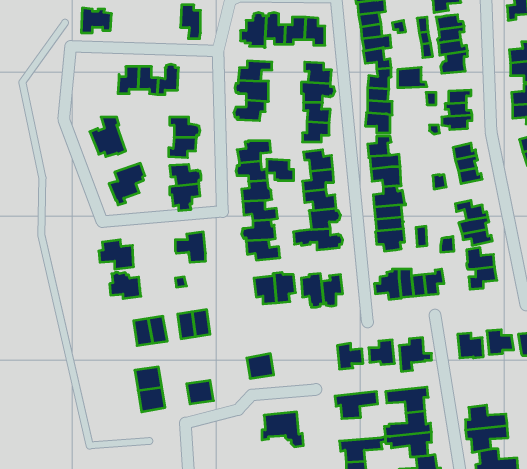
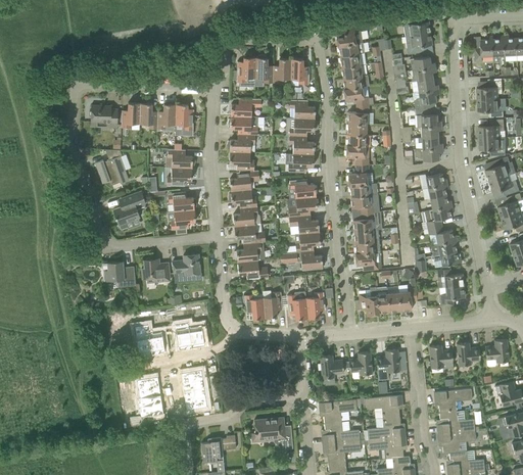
building: [180,5,201,39] -> [176,104,194,135]
building: [81,8,112,33] -> [91,104,118,127]
building: [398,67,427,88] -> [416,107,442,126]
building: [267,159,294,181] -> [230,151,254,171]
building: none -> [424,205,454,228]
building: [110,273,141,299] -> [142,258,171,282]
building: [247,354,274,378] -> [181,369,205,391]
building: none -> [434,388,472,413]
building: none -> [322,422,365,443]
building: none -> [202,435,236,464]

